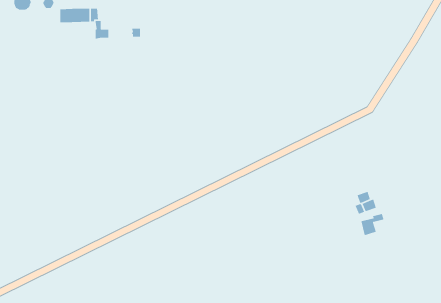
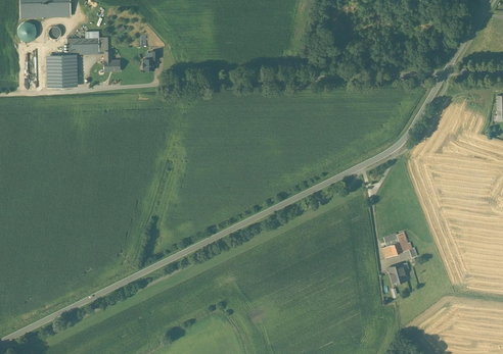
building: none -> [56,57,72,86]

